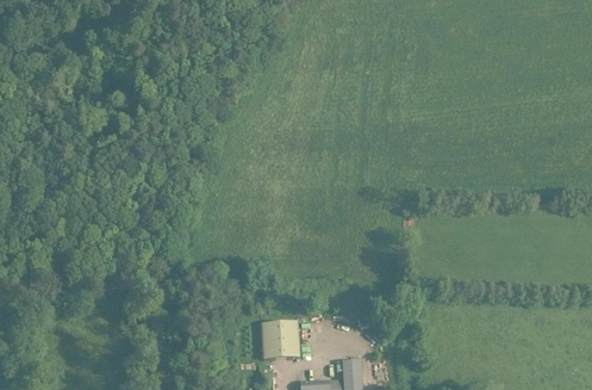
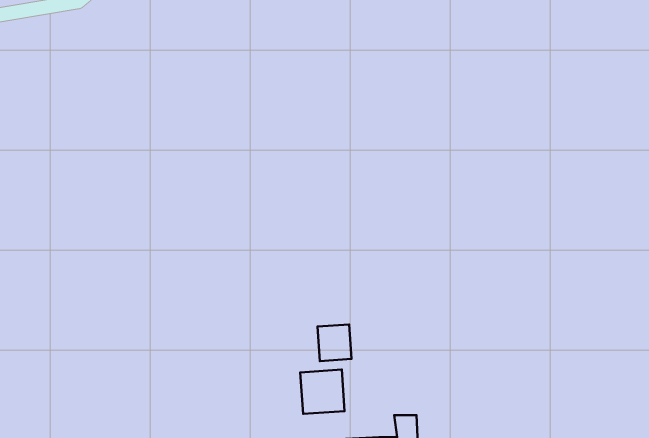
building: none -> [318,325,352,361]

